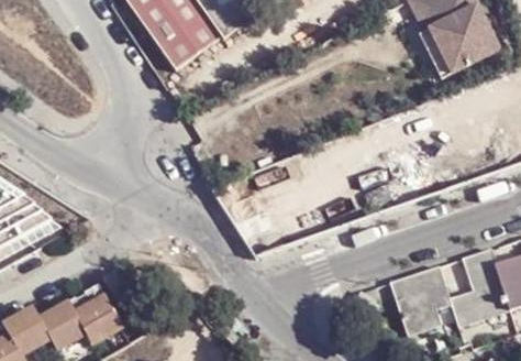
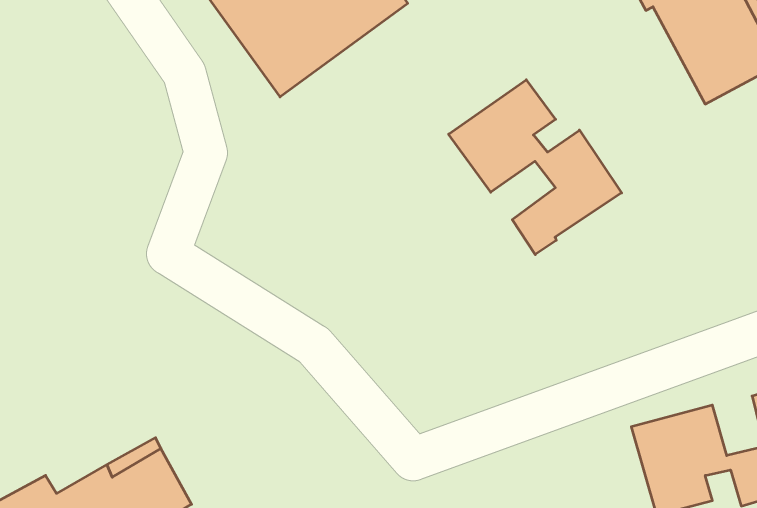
building: none -> [449,80,622,255]

